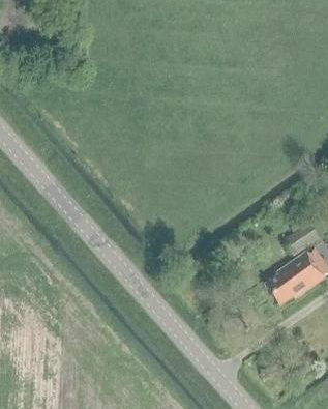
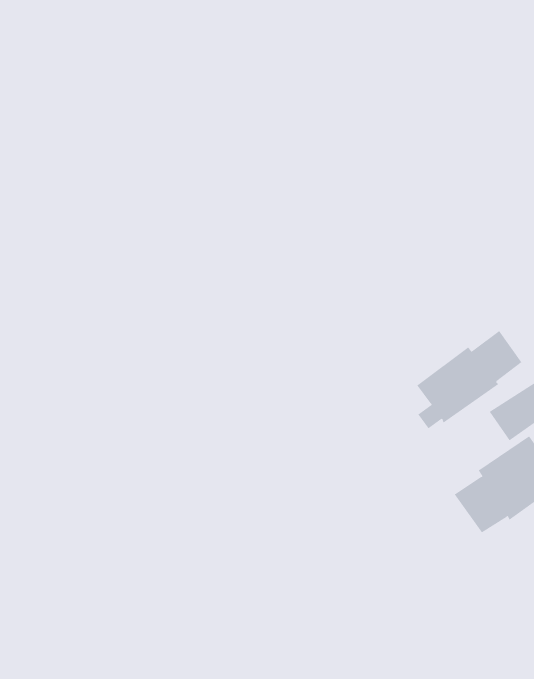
building: none -> [416,330,522,429]

